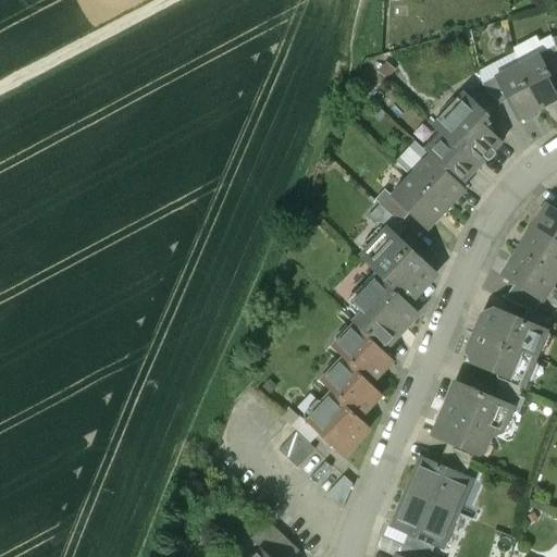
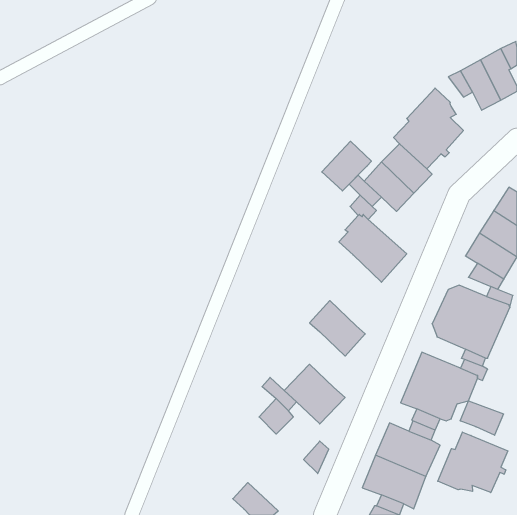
building: none -> [322,141,371,191]
building: [352,274,420,350] -> none
building: [322,357,382,417] -> none
building: none -> [460,401,504,435]
building: none -> [438,432,508,493]

